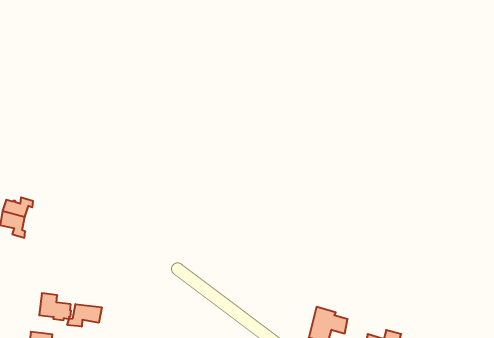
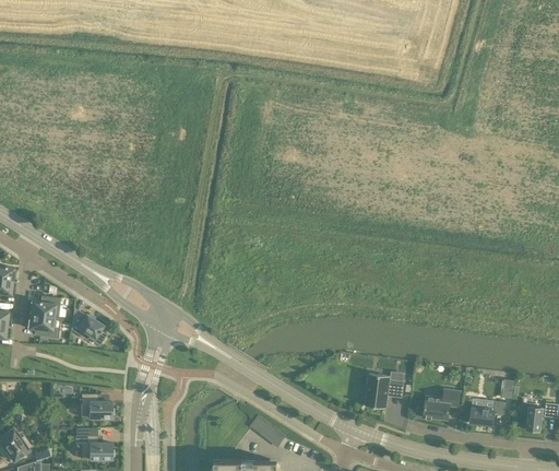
building: none -> [71,308,106,344]
building: [67,304,102,327] -> none

